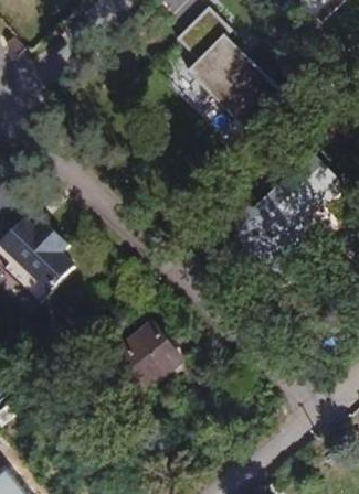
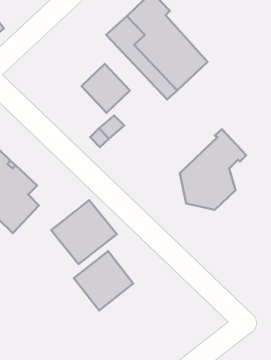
building: none -> [82,64,130,113]
building: none -> [51,200,117,264]

